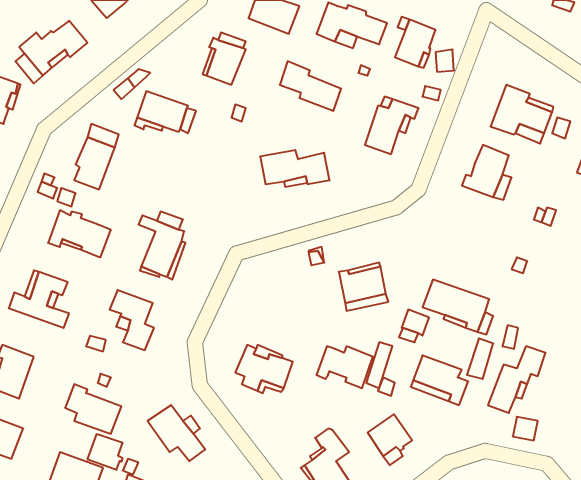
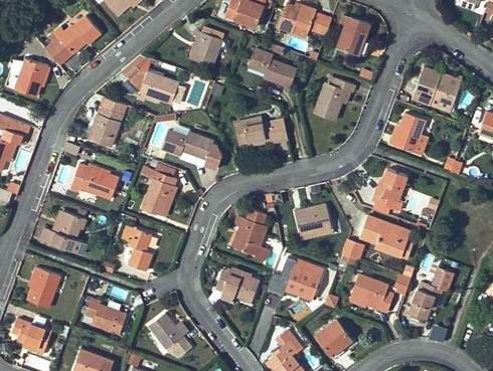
building: none -> [161,130,221,168]
building: none -> [371,169,406,211]
building: none -> [231,208,268,260]
building: [88,434,123,470] -> none

